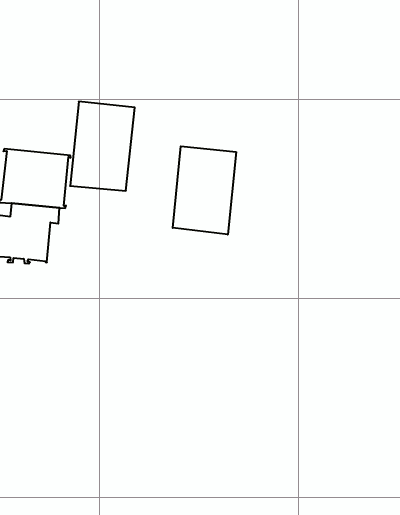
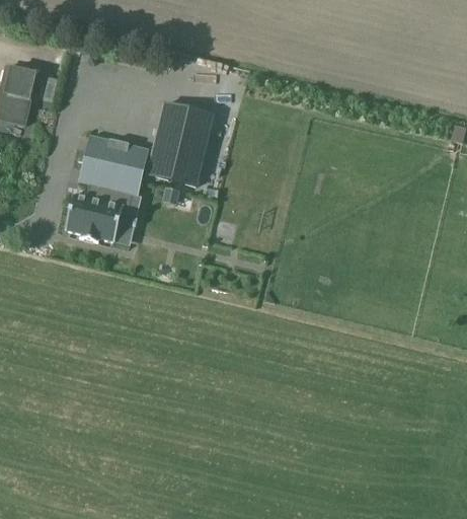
building: [173,146,236,235] -> none

